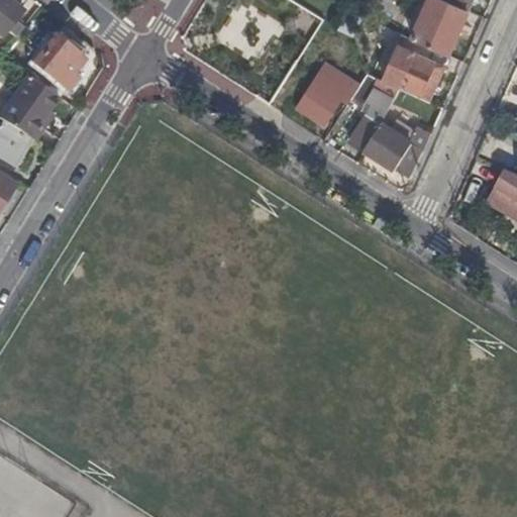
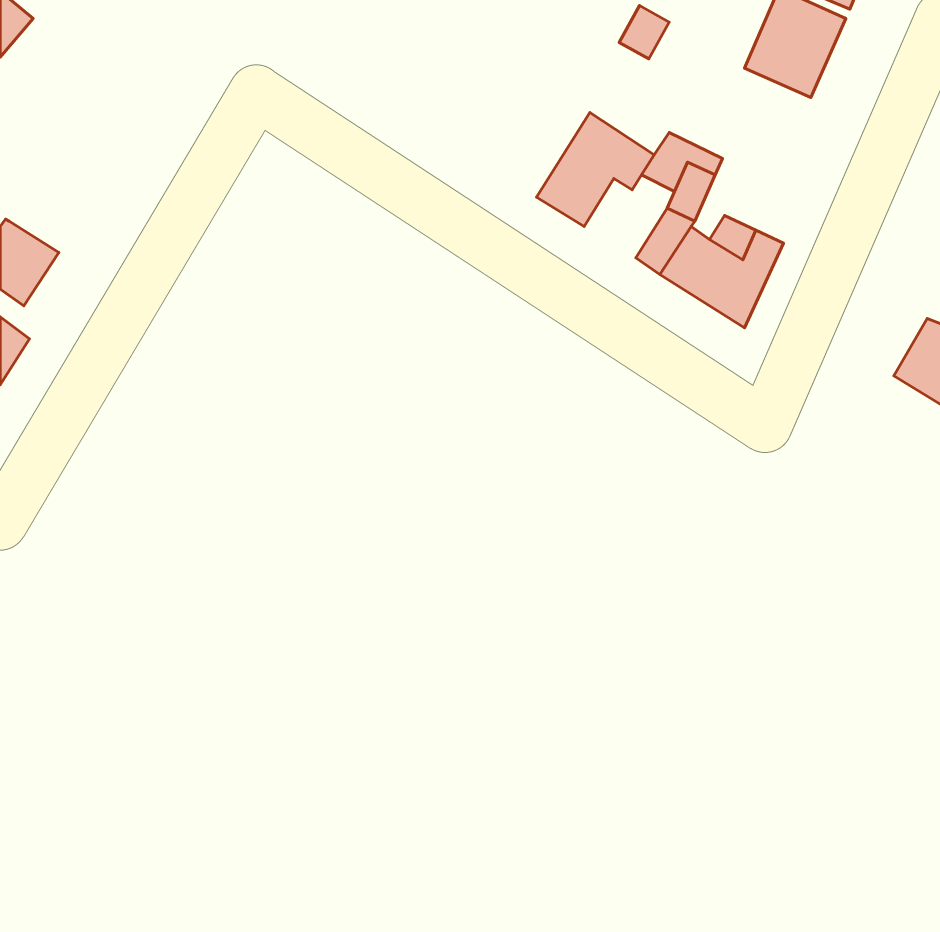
building: [376,33,440,97] -> none
building: [34,38,83,87] -> none
building: [6,79,62,139] -> none

